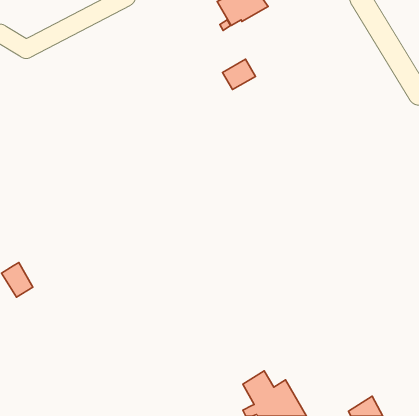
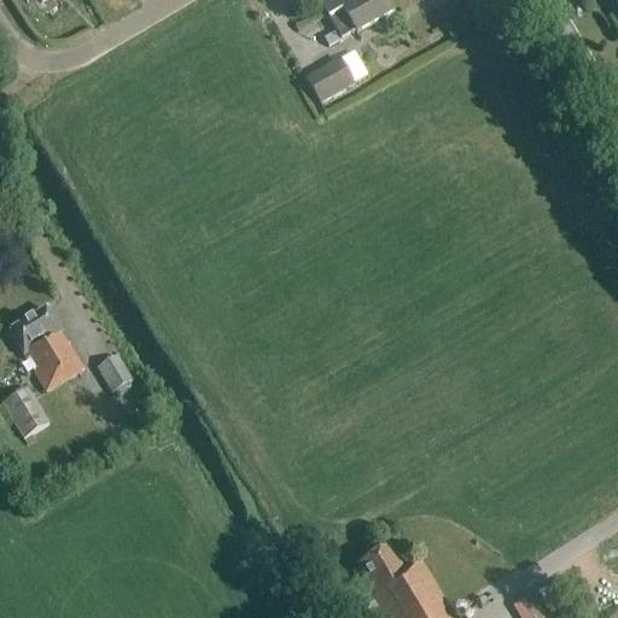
building: [223,59,255,90] -> [305,58,354,103]
building: none -> [10,307,84,390]
building: none -> [95,355,132,393]

